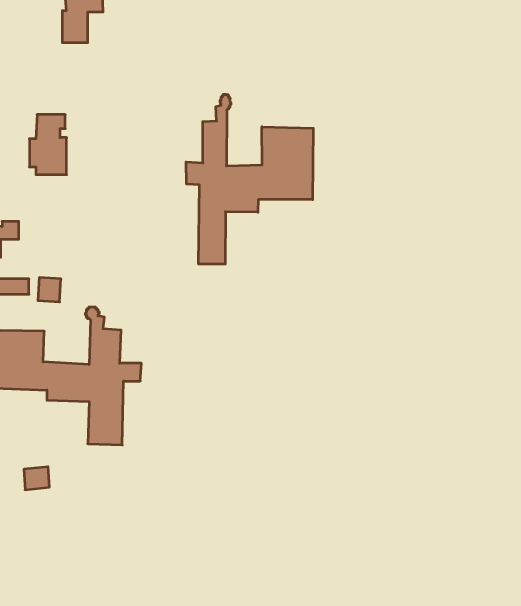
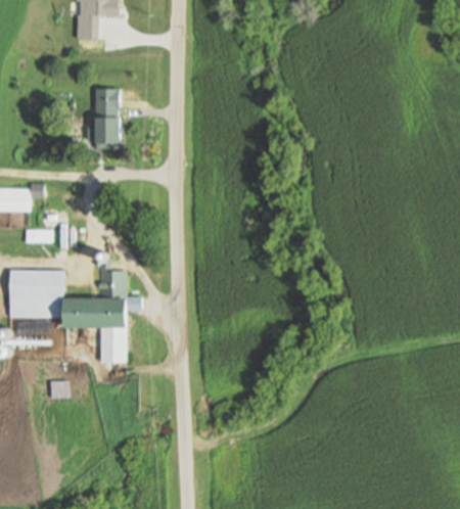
building: [186,94,313,264] -> none
building: [29,115,67,175] -> [91,96,121,144]

